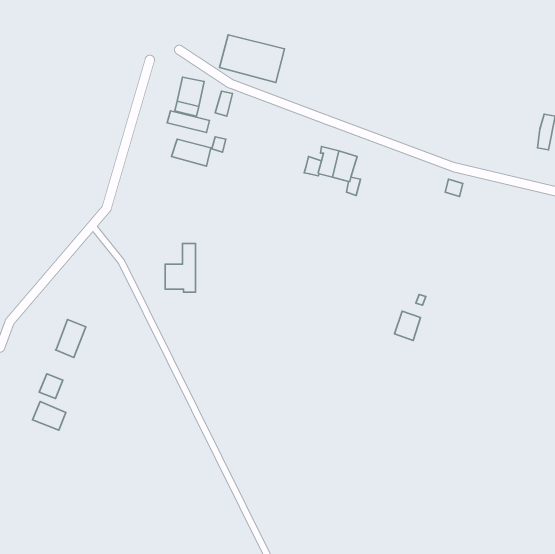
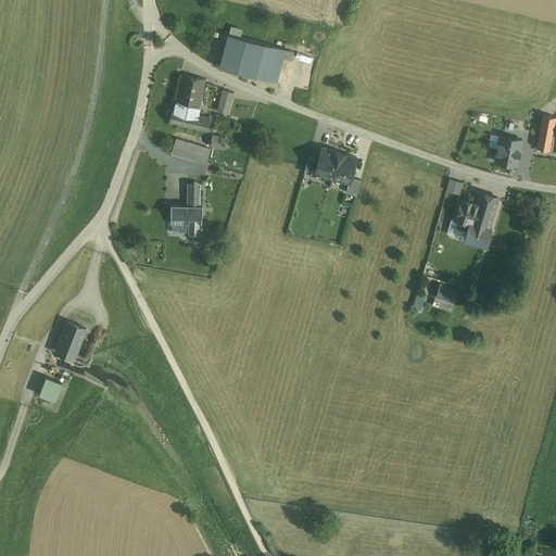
building: none -> [495,136,522,166]
building: none -> [453,193,501,250]
building: [165,243,196,292] -> [170,187,201,236]
building: [395,311,421,340] -> [431,282,457,312]
building: [33,401,66,430] -> none

